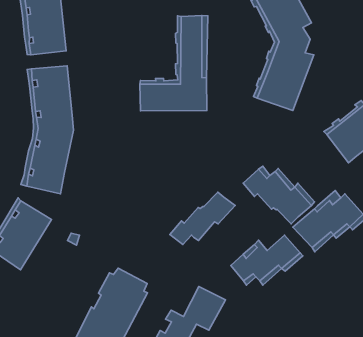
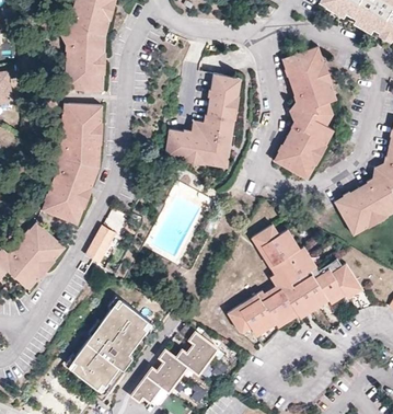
building: none -> [86,225,116,262]
building: [170,192,235,245] -> none

